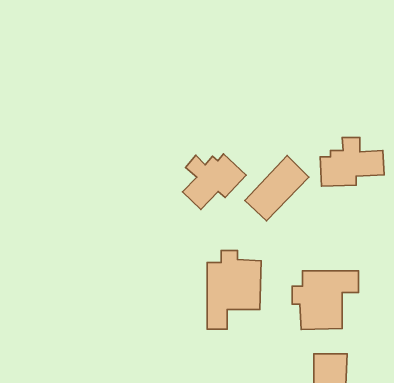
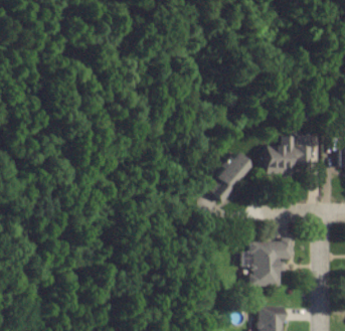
building: [182,154,246,210] -> none
building: [207,250,261,329] -> none

